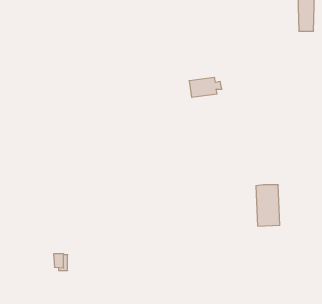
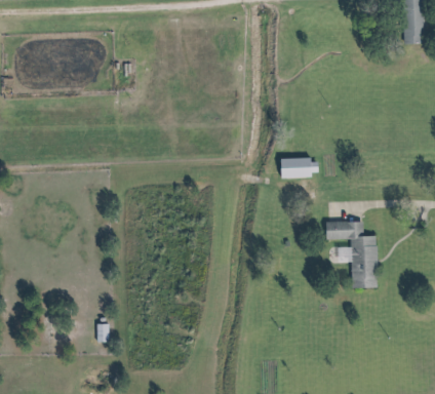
building: [189,78,222,97] -> [278,155,319,180]
building: none -> [324,221,358,239]

